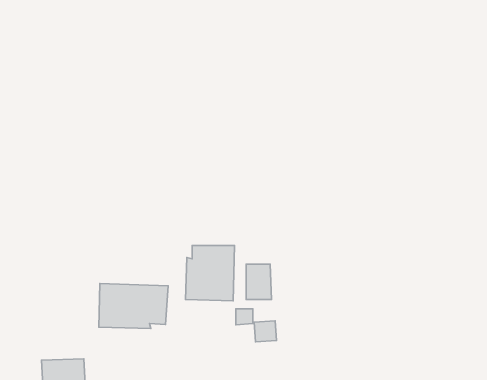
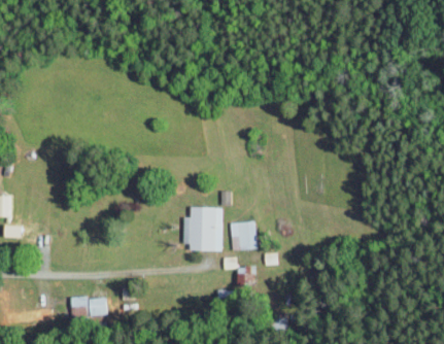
building: [99,284,168,329] -> none

